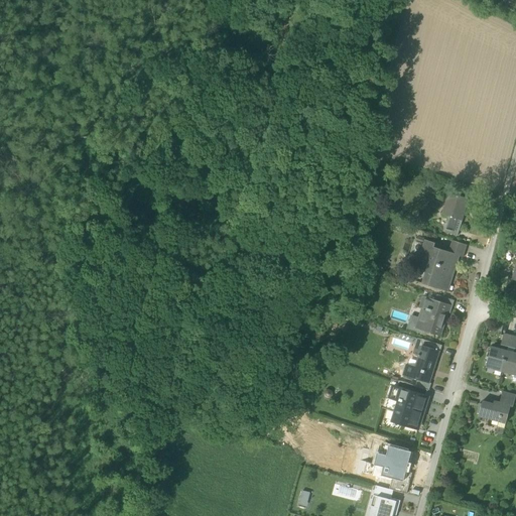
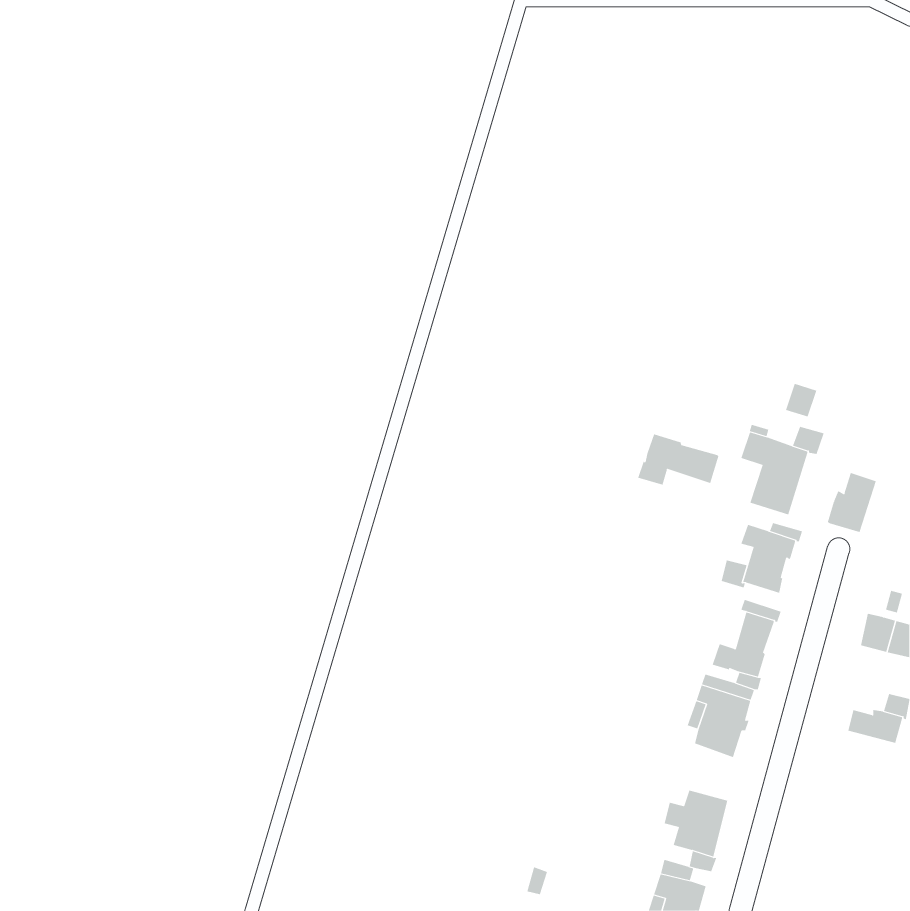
building: [441,192,469,221] -> none
building: none -> [638,433,719,486]
building: none -> [827,472,876,533]

